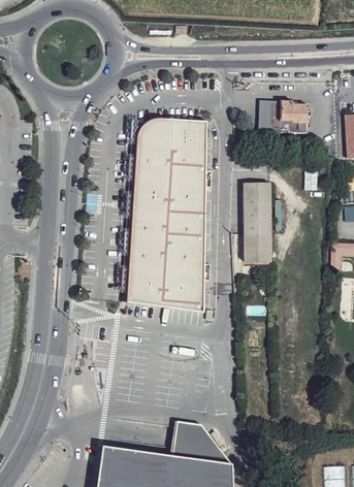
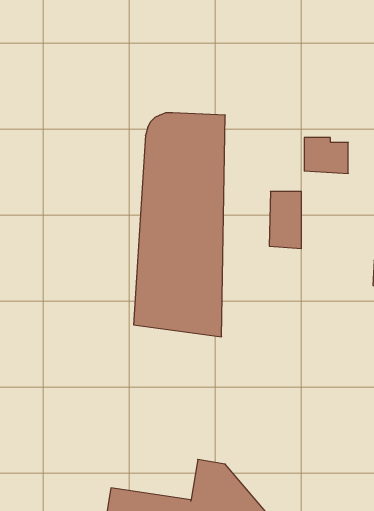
building: [270,100,309,131] -> [304,138,348,173]
building: [243,233,270,264] -> none

